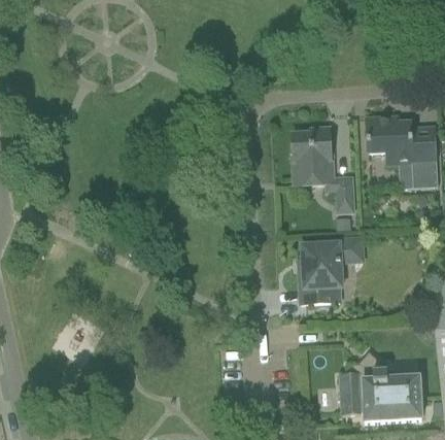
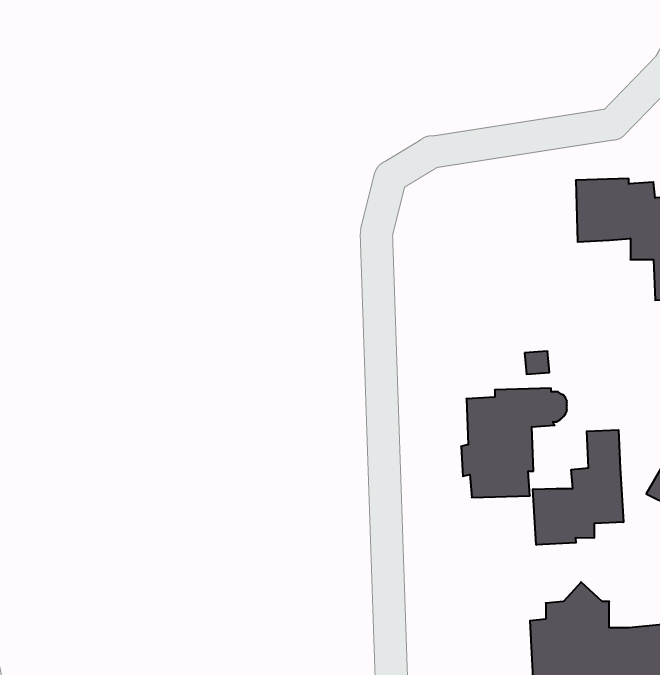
building: [292,129,355,212] -> none
building: none -> [533,430,623,545]

